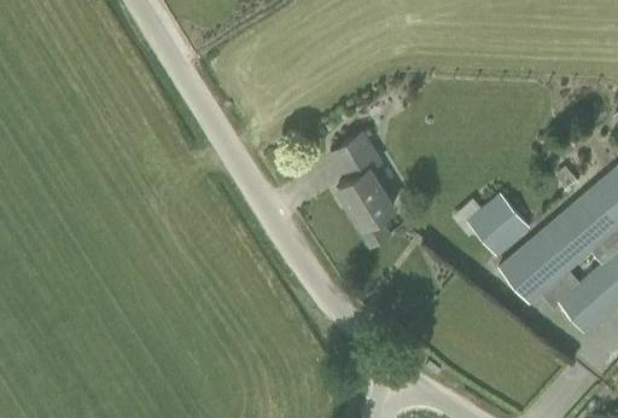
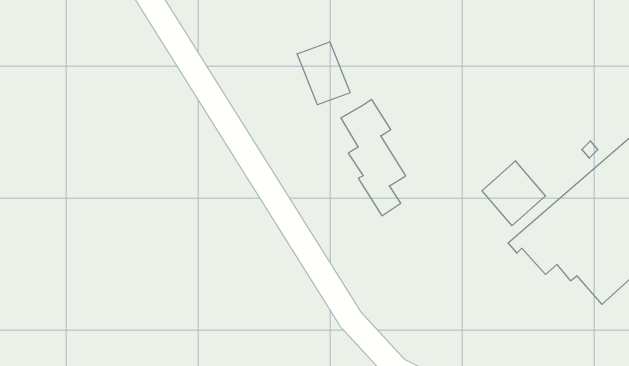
building: none -> [297,42,350,105]

